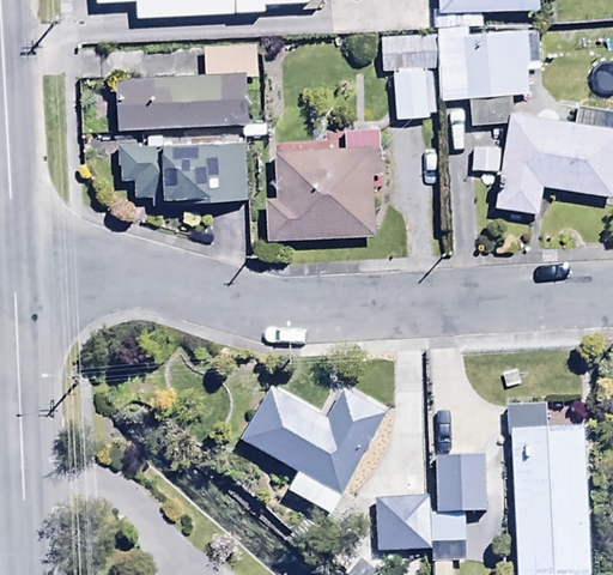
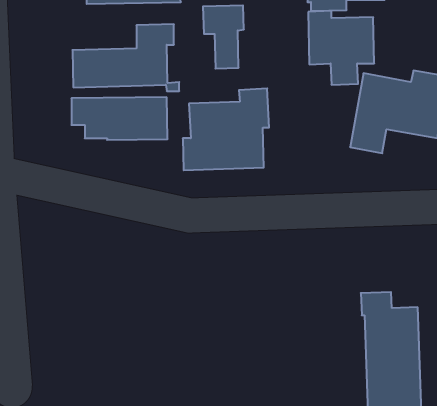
building: [380,35,435,120] -> [203,5,244,69]
building: [242,386,388,513] -> none
building: [438,458,487,515] -> none
building: [378,497,432,549] -> none

